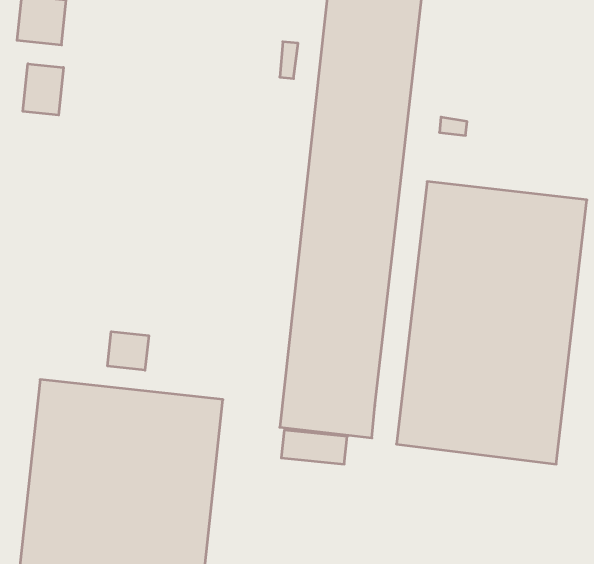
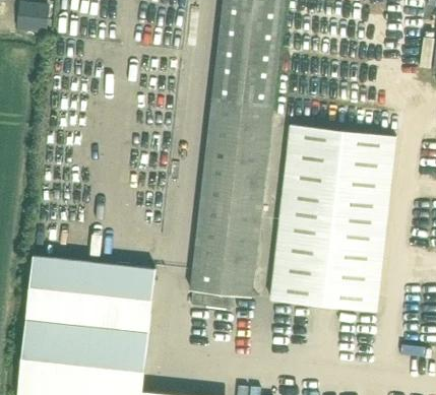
building: [23,64,63,115] -> none
building: [108,332,149,370] -> none

